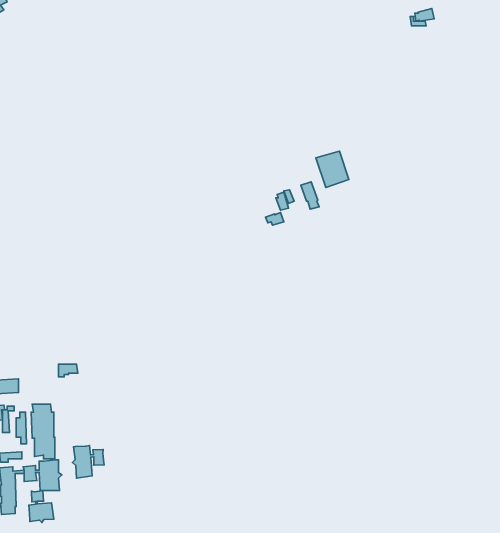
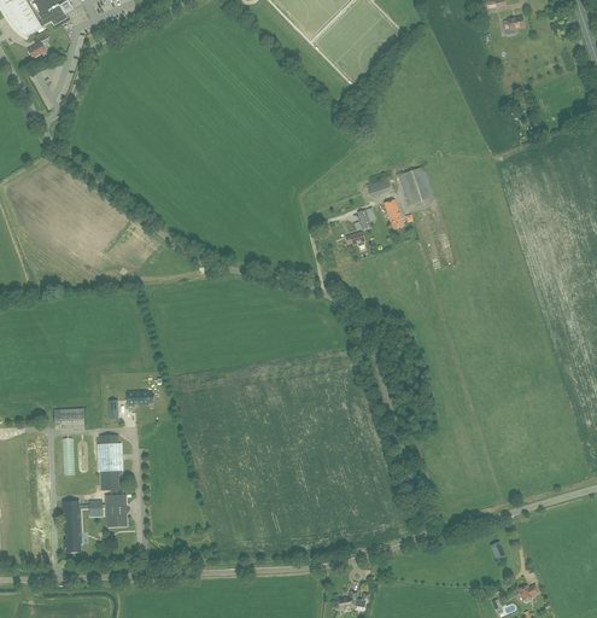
building: [73,446,104,478] -> none
building: [29,491,54,523] -> none

